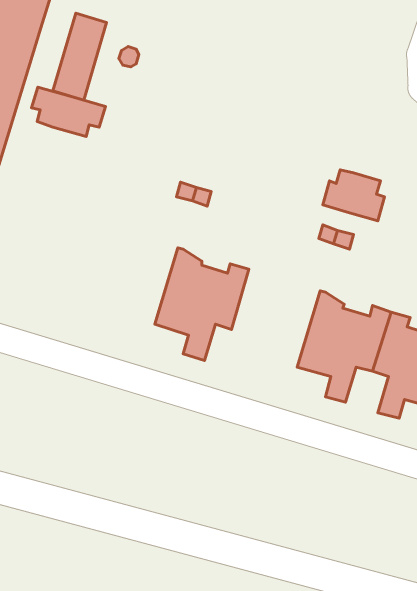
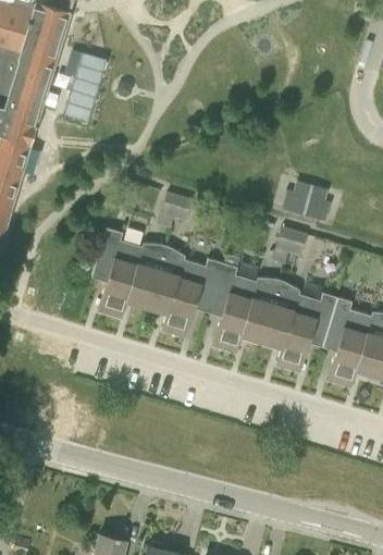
building: [32,87,106,136] -> none
building: none -> [91,227,164,314]
building: none -> [208,262,280,349]

